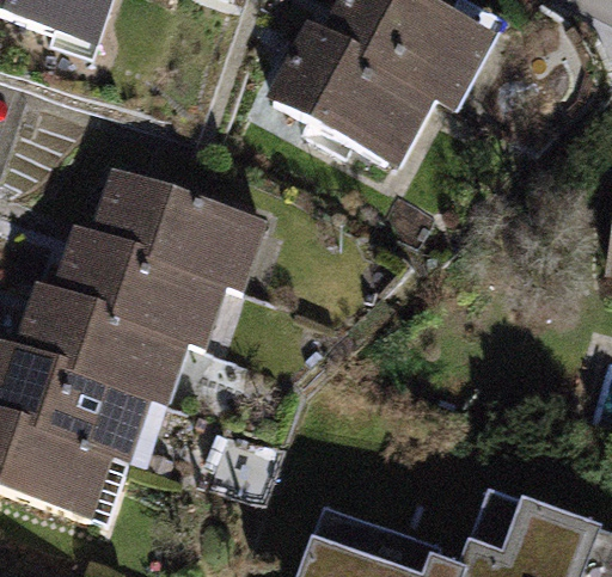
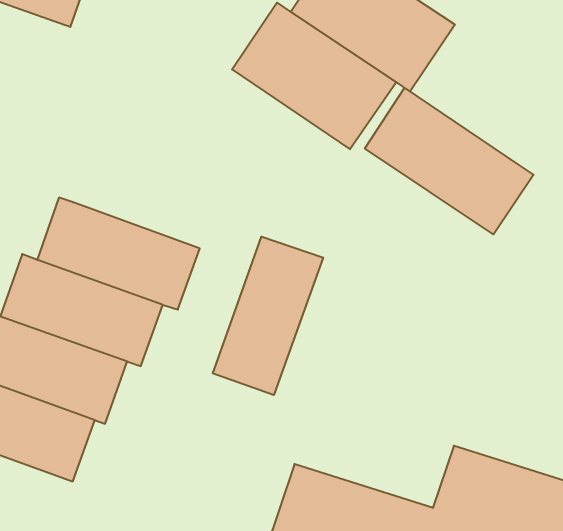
building: none -> [365,88,534,234]
building: [96,170,264,287] -> none
building: none -> [213,237,323,395]

